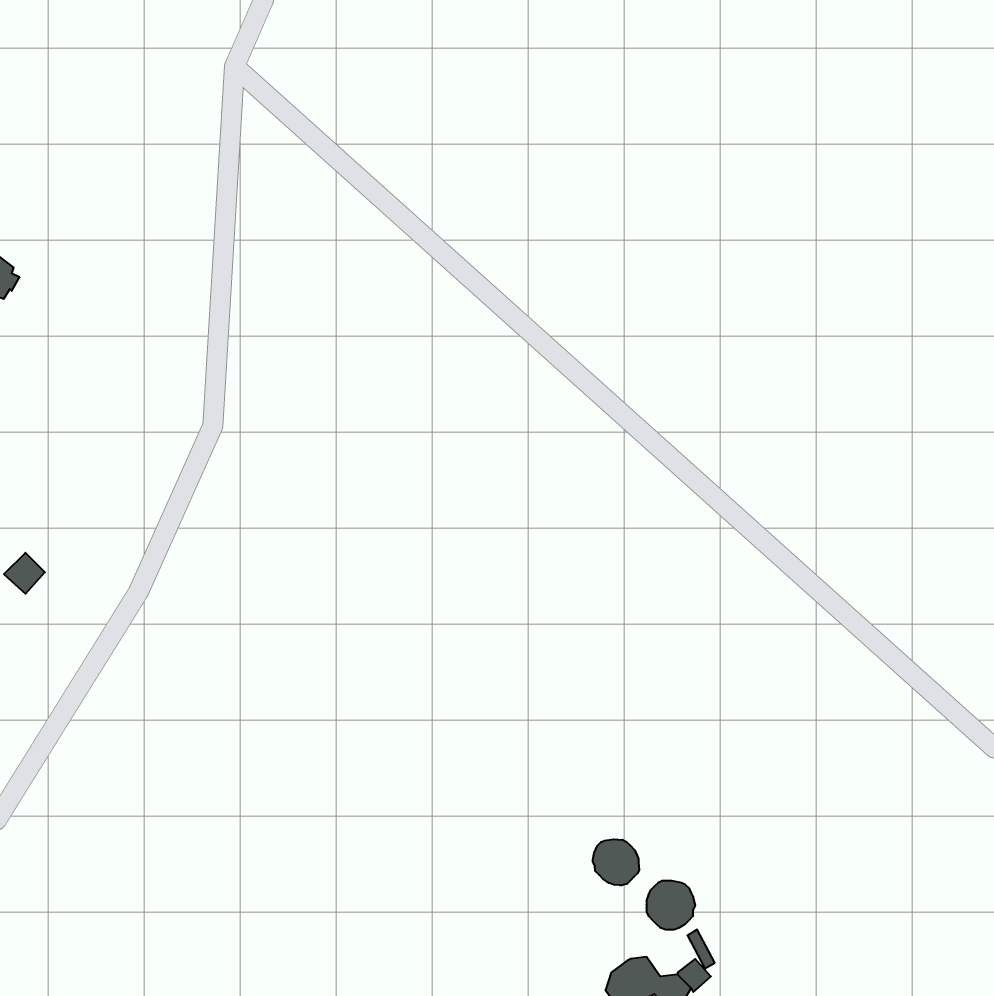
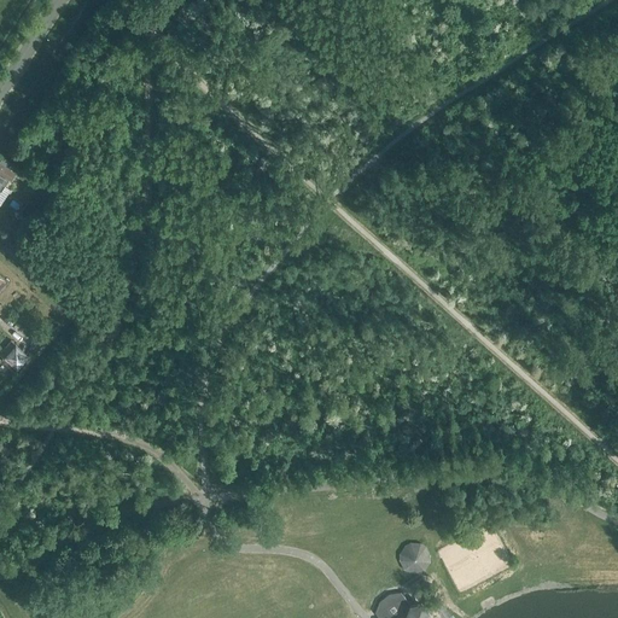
building: [593,839,639,885] -> none

